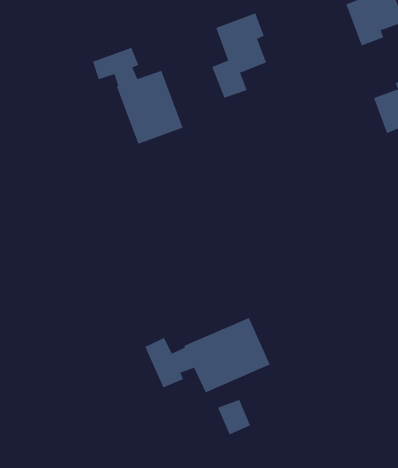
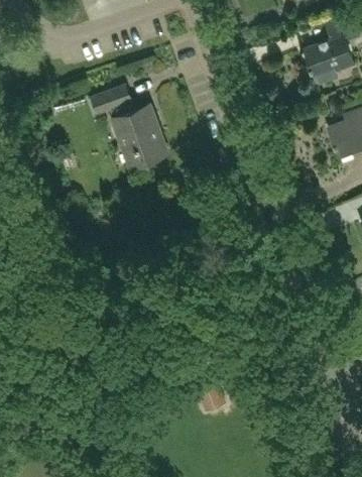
building: [212,12,267,99] -> none
building: [144,317,270,393] -> none

